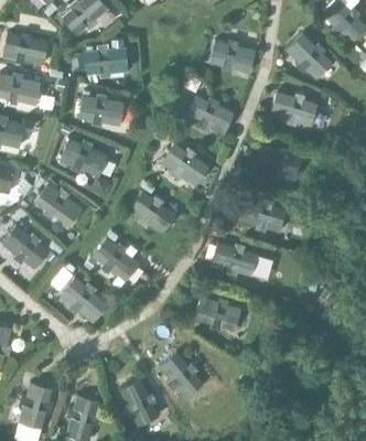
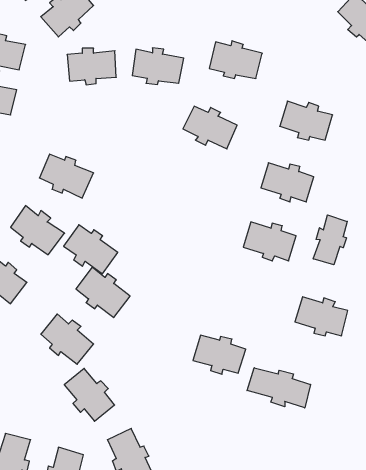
building: [287,33,333,79] -> none
building: [79,94,125,126] -> [132,48,184,84]
building: [162,143,209,185] -> none
building: [129,191,176,234] -> [64,225,118,274]
building: none -> [313,215,347,265]
building: [211,241,257,276] -> [295,297,348,336]
building: none -> [247,368,311,408]
building: [160,352,204,398] -> [64,368,115,421]

